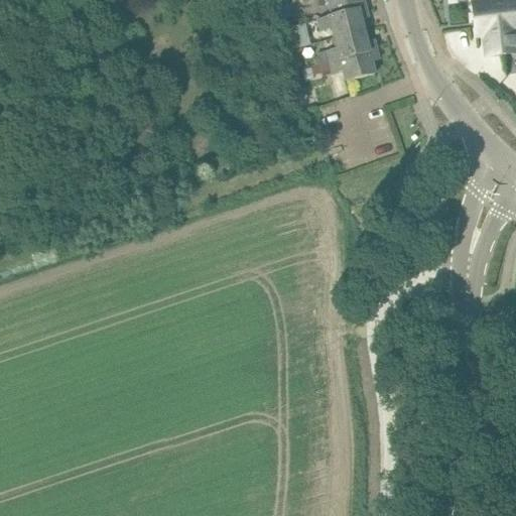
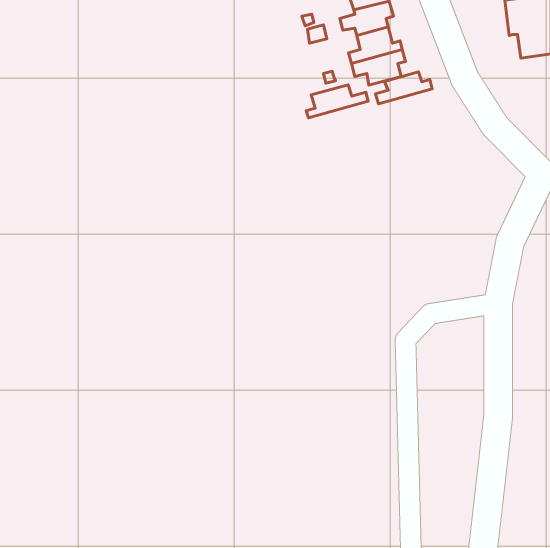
building: none -> [375,72,432,104]
building: none -> [306,85,368,118]

